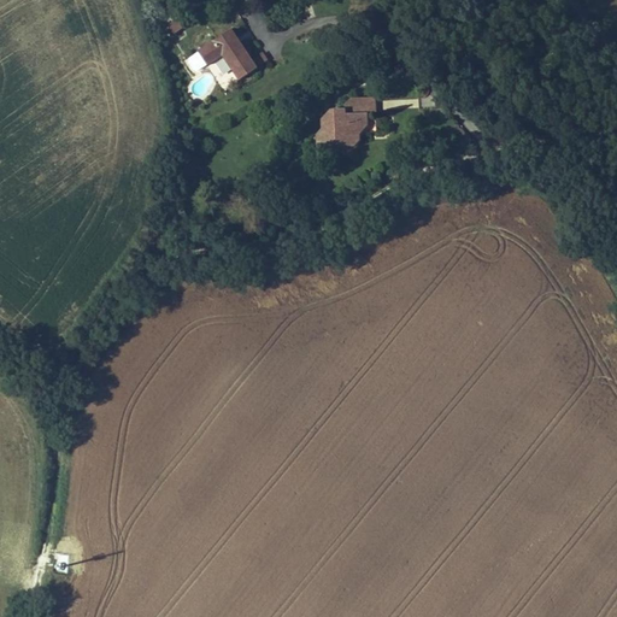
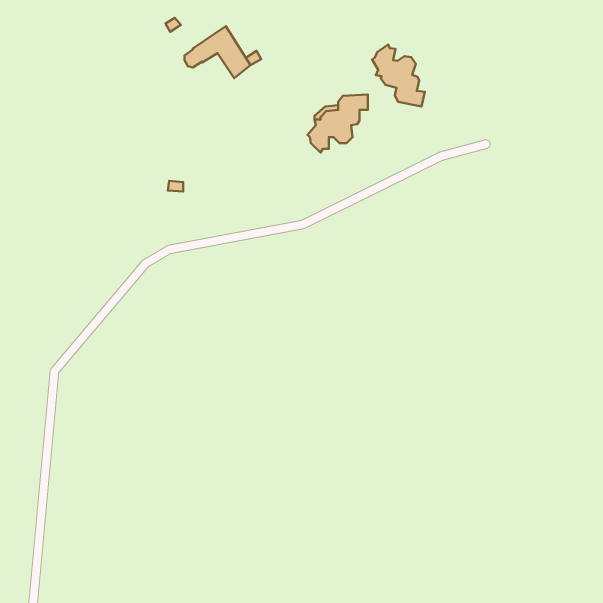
building: none -> [372,44,425,107]

